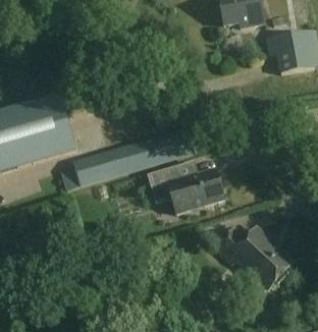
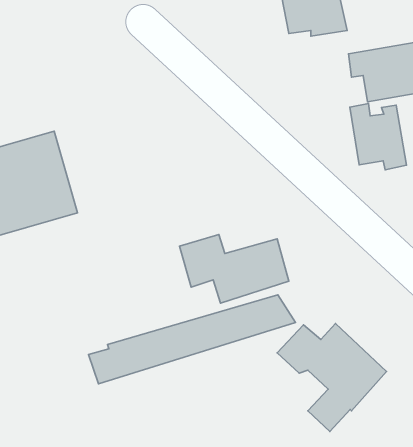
building: none -> [350,103,406,170]
building: [59,127,204,189] -> [88,295,295,384]

